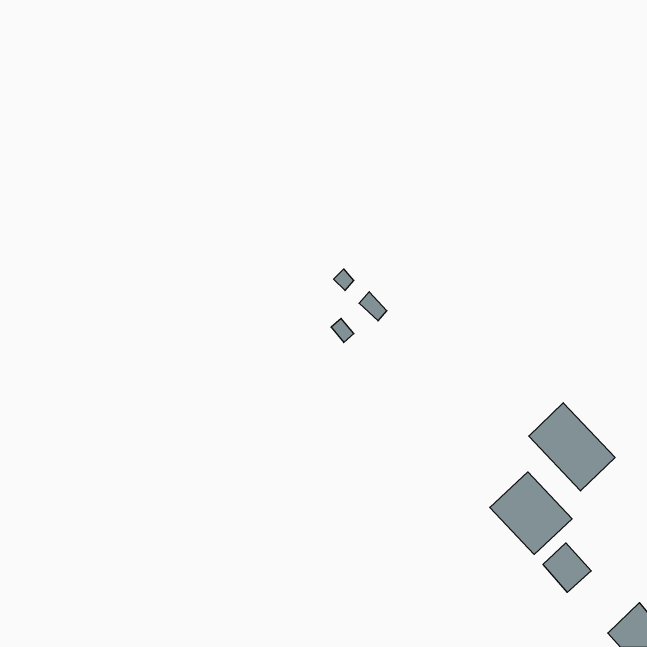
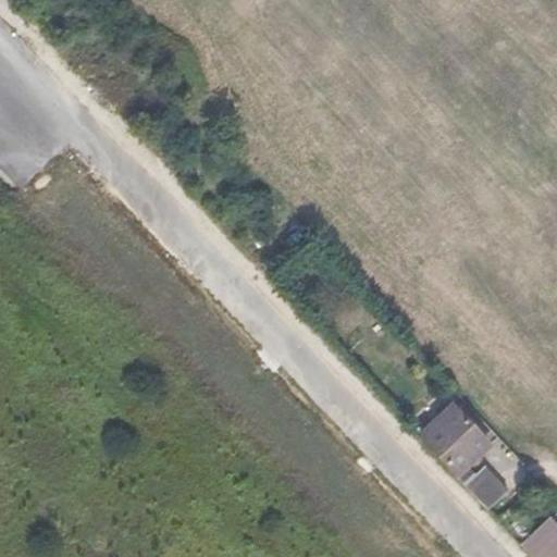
building: [529,403,615,491] -> none

